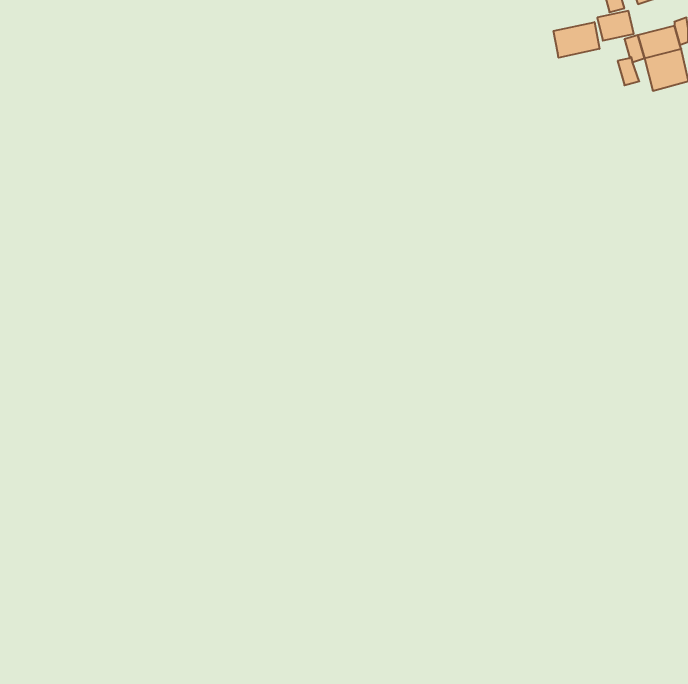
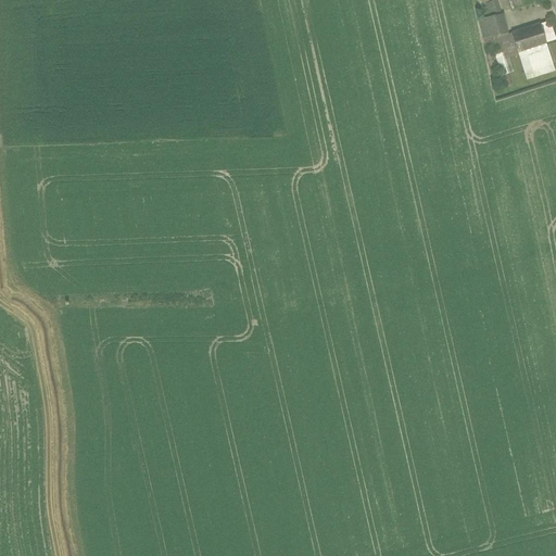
building: [554,22,599,58] -> none

